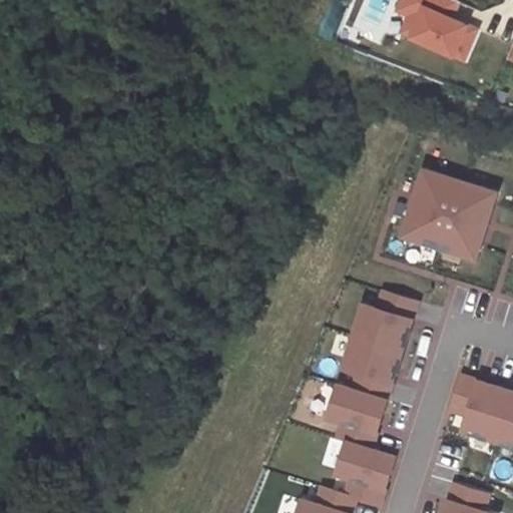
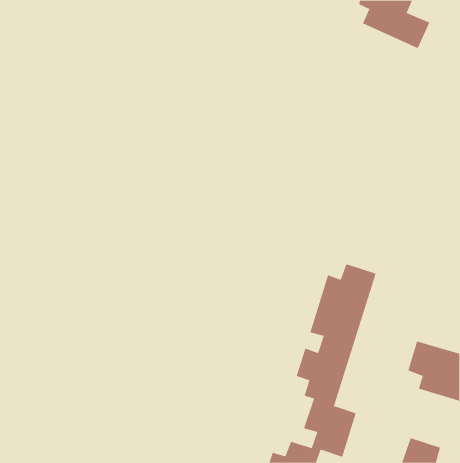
building: [402,170,495,259] -> none

